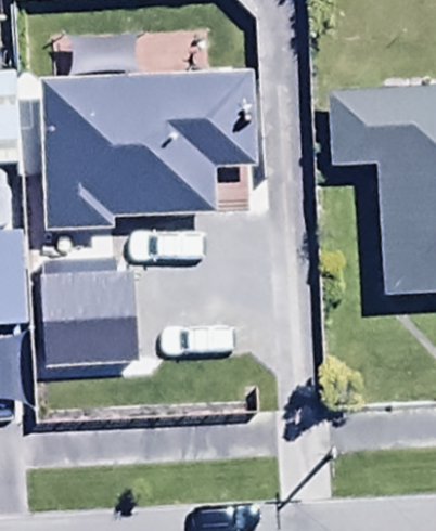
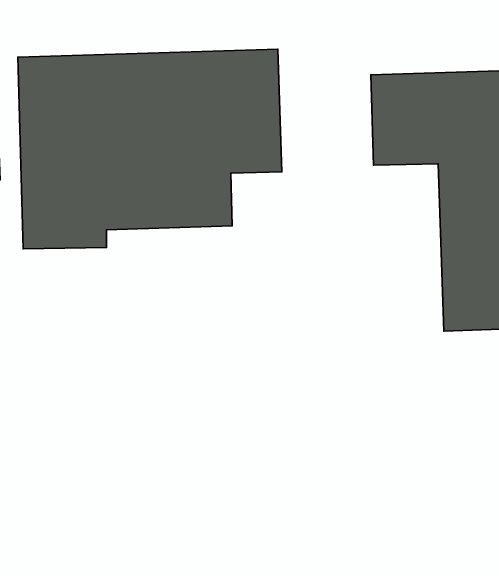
building: [42,270,138,363] -> none

